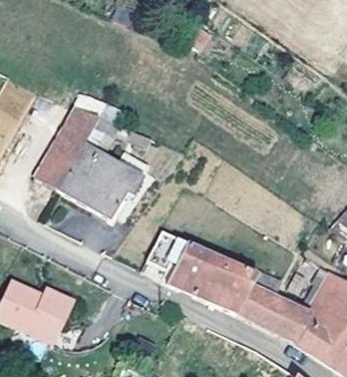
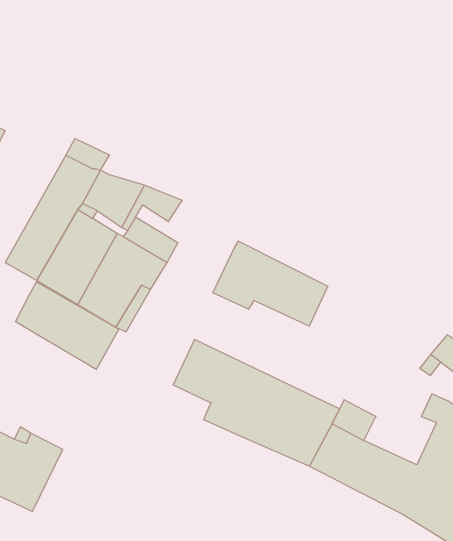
building: none -> [213,241,328,326]
building: none -> [15,282,119,370]

